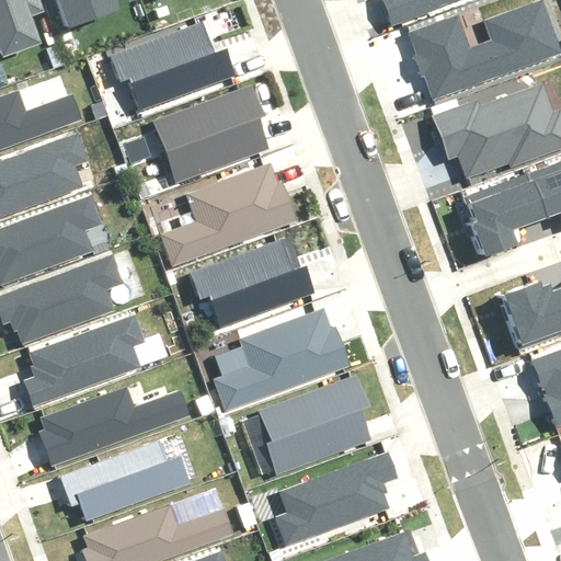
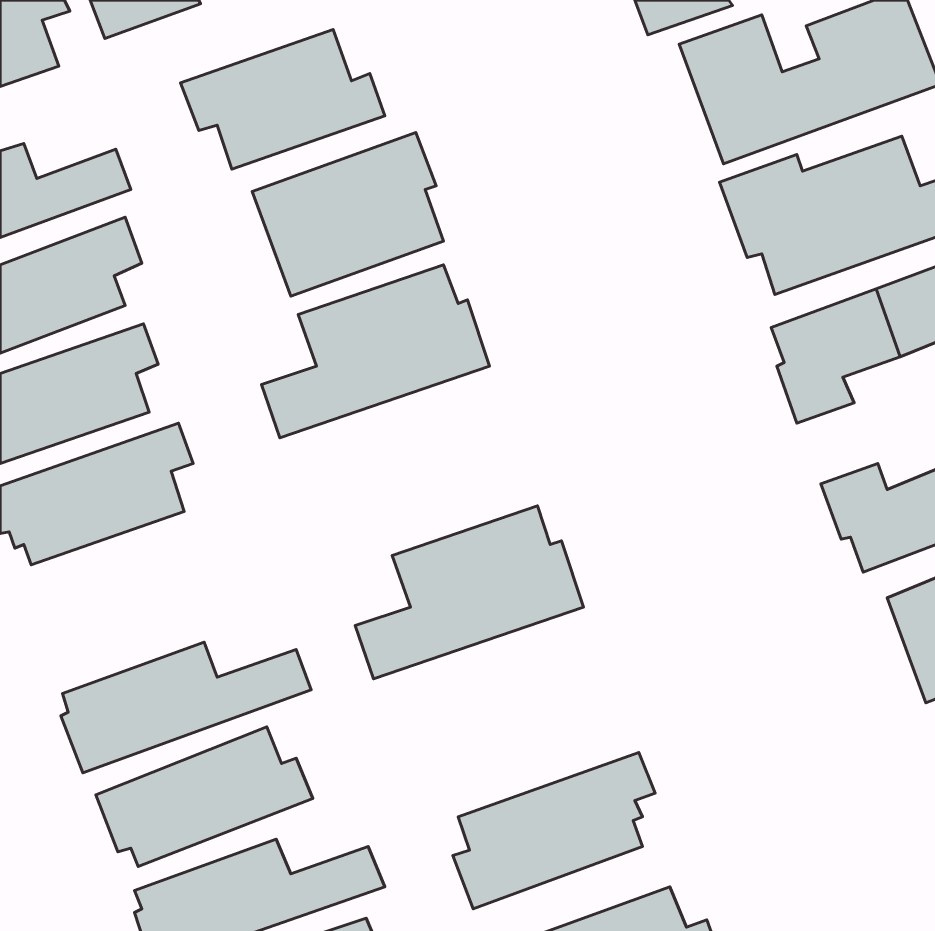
building: [188,242,309,327] -> none
building: [22,312,147,403] -> none
building: [256,378,370,476] -> none

